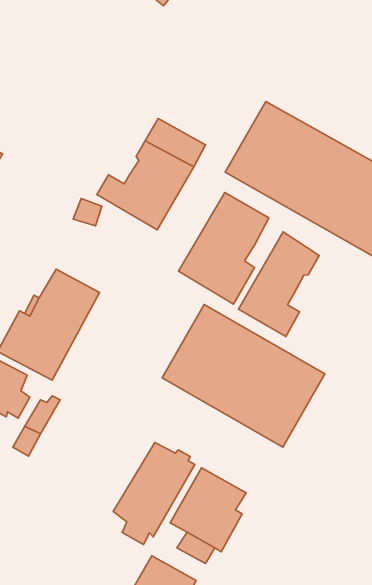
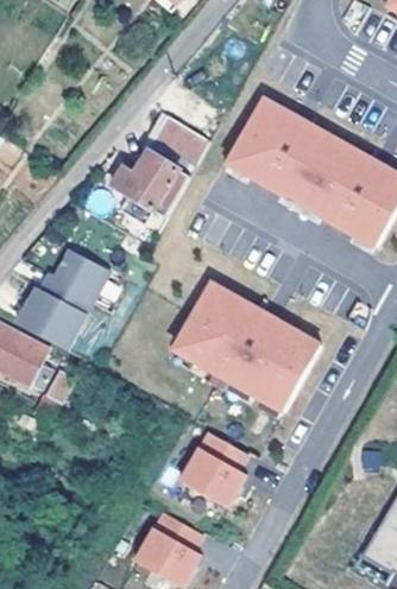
building: [178,192,269,304] -> none
building: [238,232,319,336] -> none
building: [113,442,195,545] -> none

